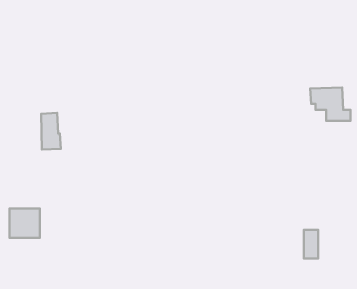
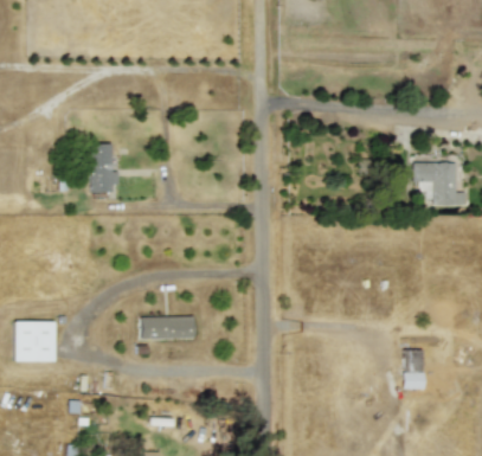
building: [41,113,61,150] -> [91,144,117,193]
building: none -> [141,316,195,339]

